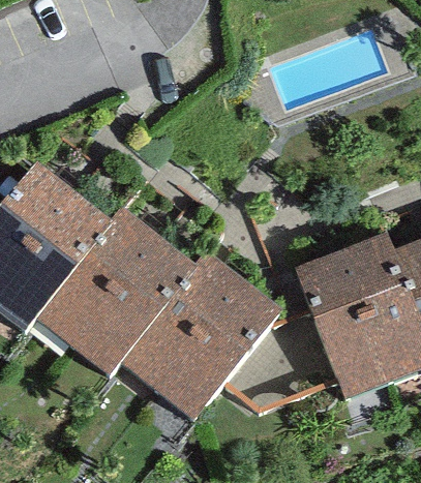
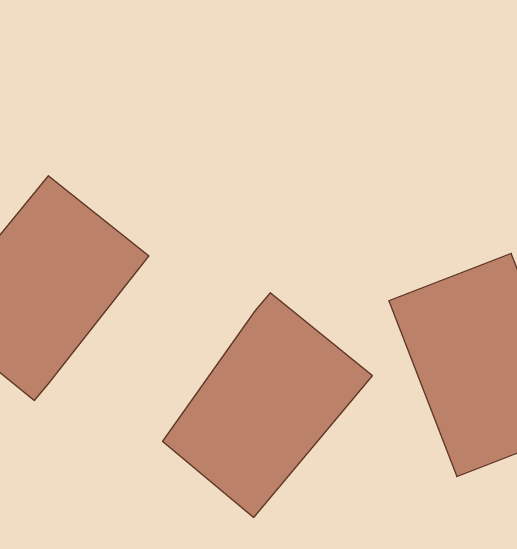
building: [38,211,196,381] -> none

